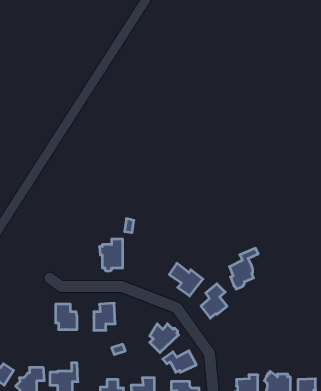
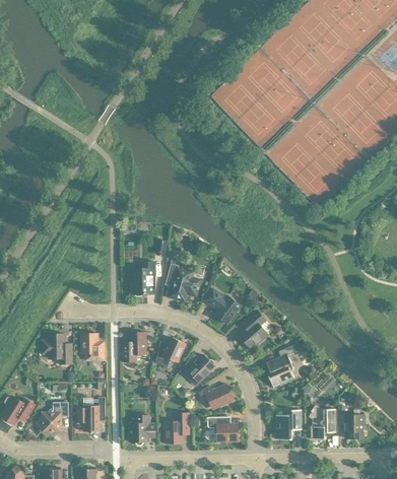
building: none -> [164,263,199,299]
building: [229,248,258,289] -> [267,344,299,389]
building: none -> [42,334,72,363]
building: none -> [155,337,187,367]

